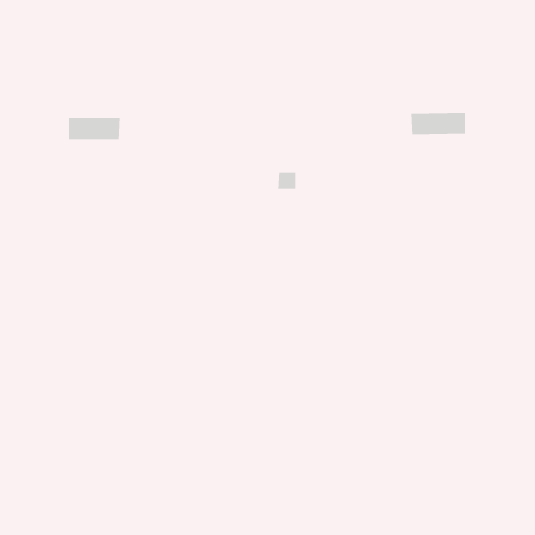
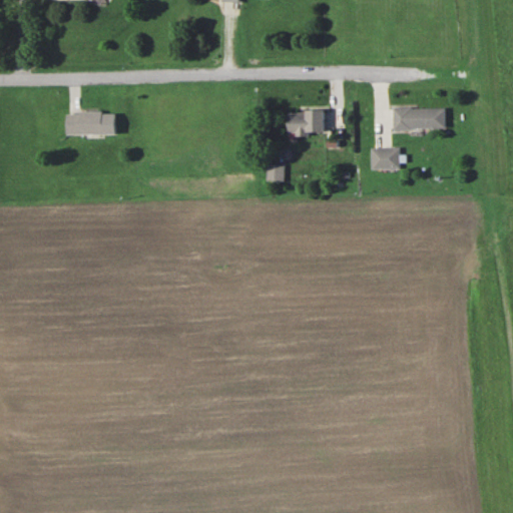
building: none -> [288,110,325,141]
building: none -> [371,147,400,169]

